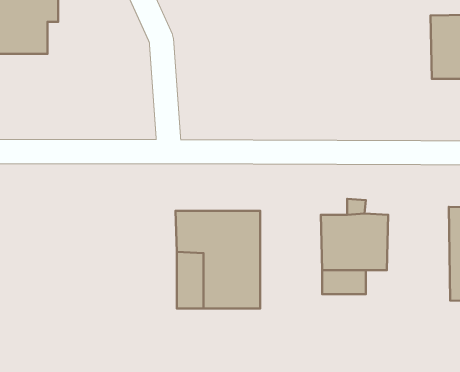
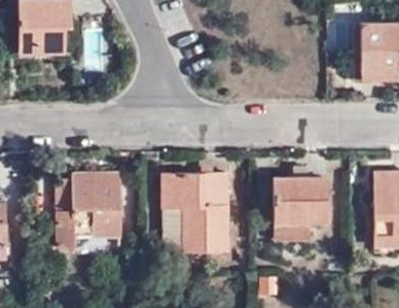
building: none -> [57,172,119,245]

